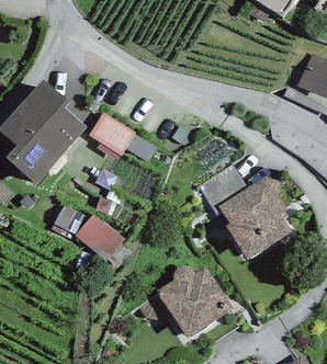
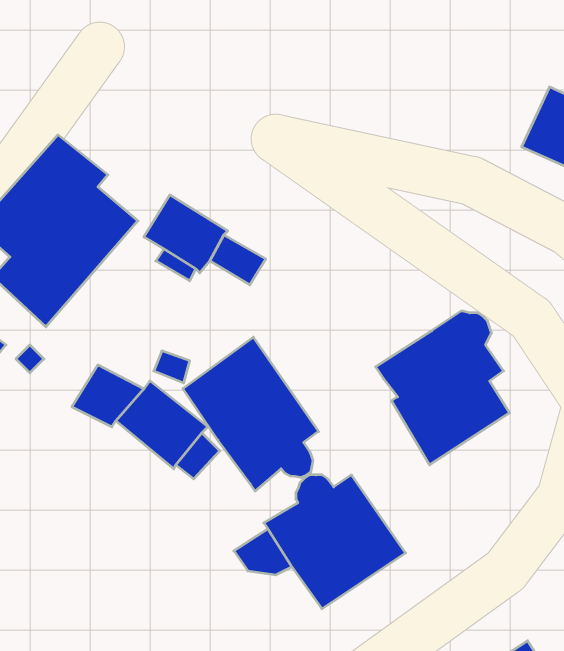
building: [196,163,247,215] -> none
building: none -> [183,337,319,491]

